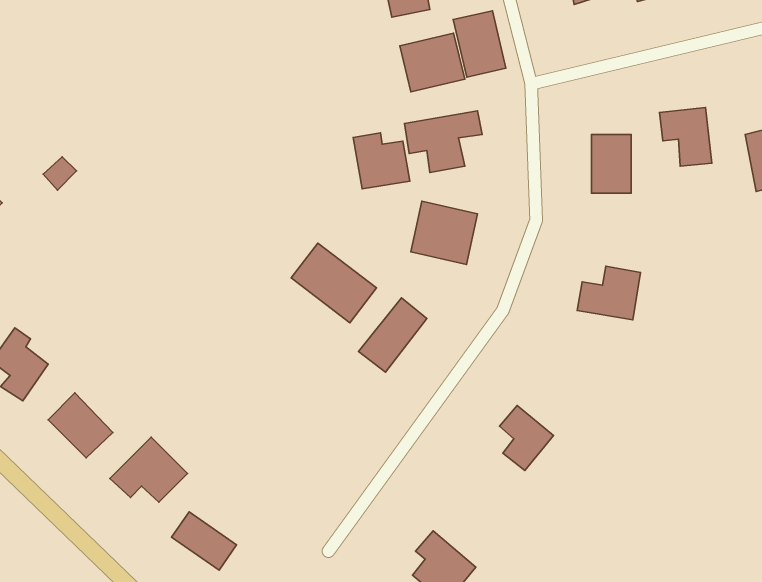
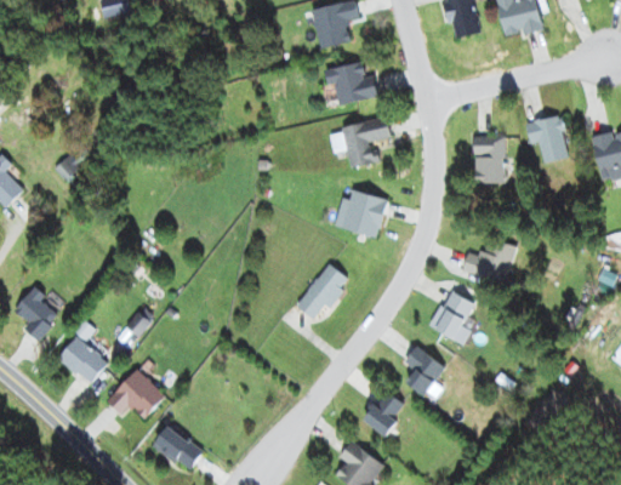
building: [453,11,506,77] -> none
building: [353,133,410,189] -> none
building: [291,243,376,323] -> none
building: none -> [433,292,474,339]
building: none -> [364,392,404,438]

